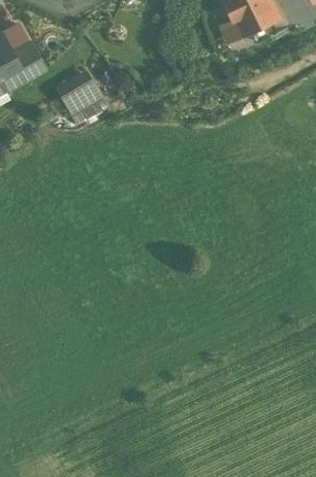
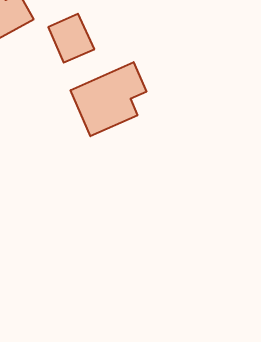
building: none -> [71,62,146,136]

